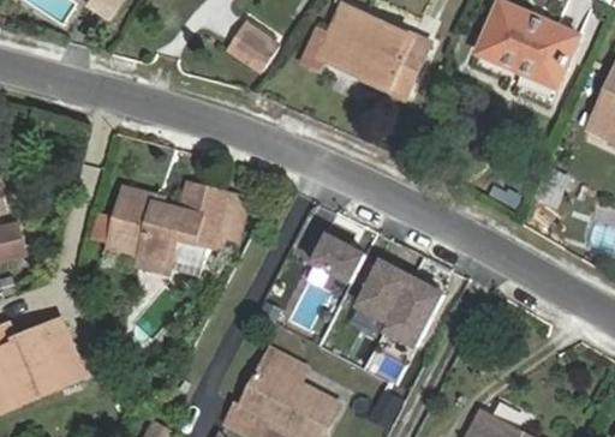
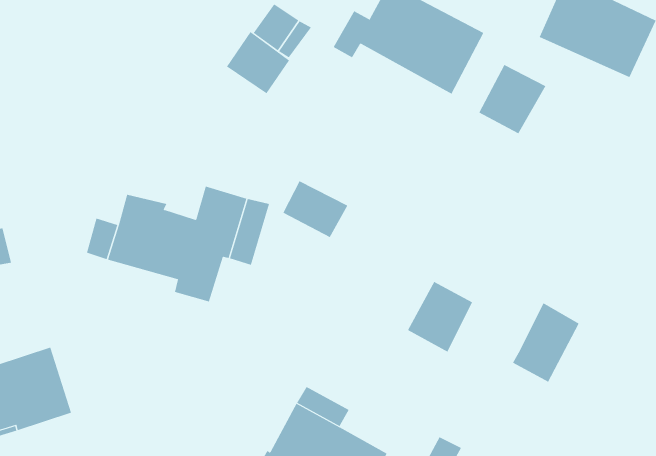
building: none -> [226,31,290,94]
building: none -> [479,64,546,134]
building: [312,232,369,281] -> [282,180,348,238]
building: [388,279,446,347] -> [512,302,579,382]

